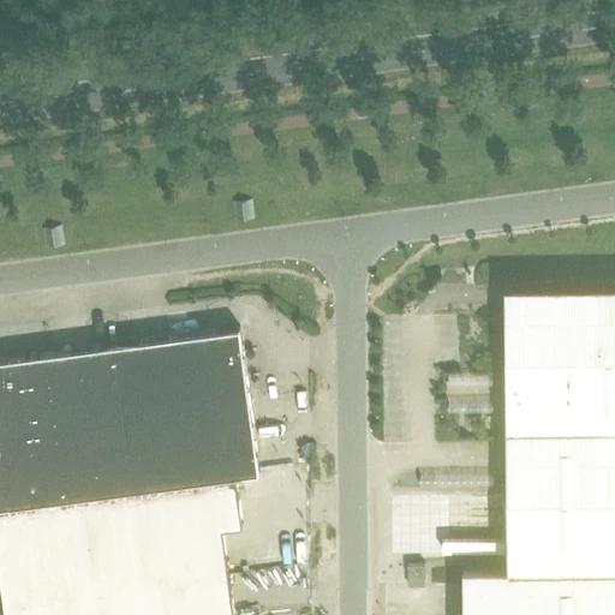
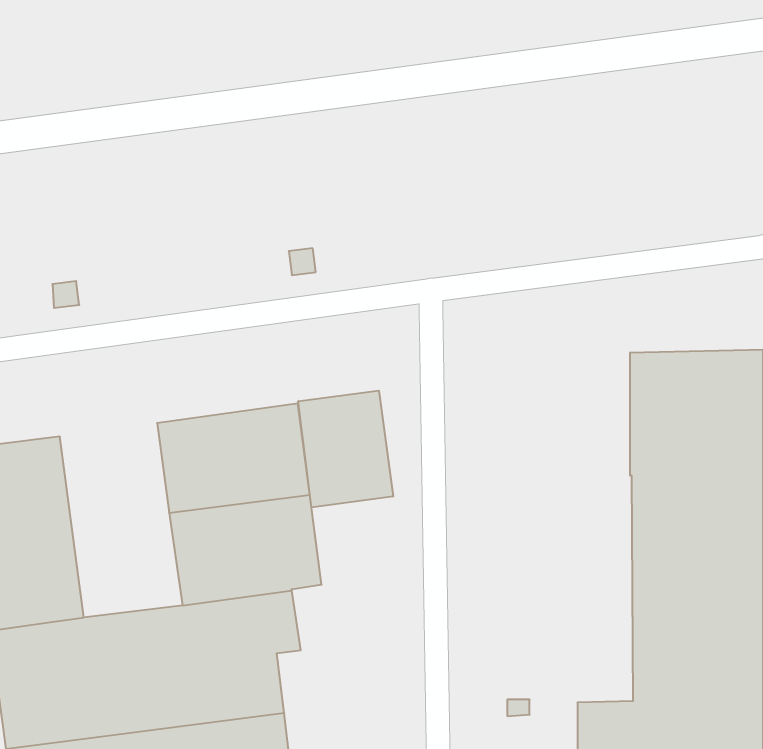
building: none -> [298,391,393,507]
building: [48,352,147,508] -> none

